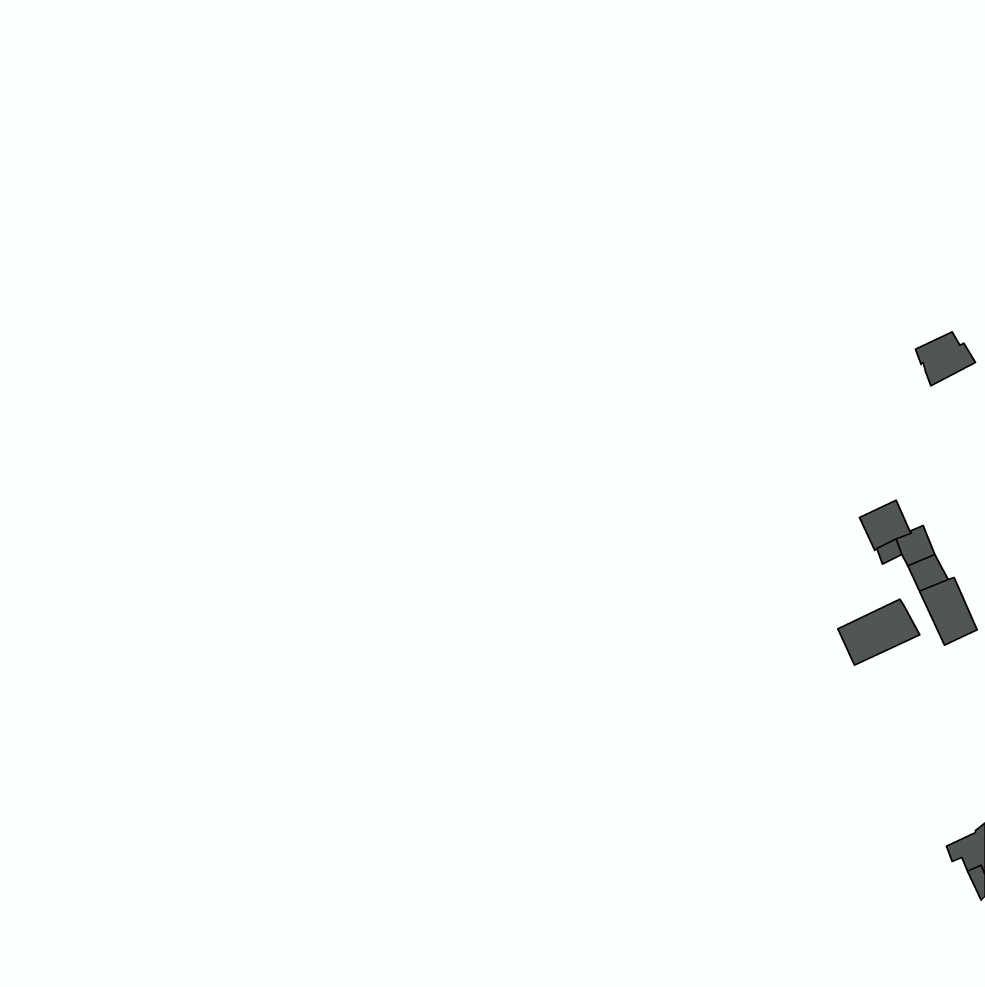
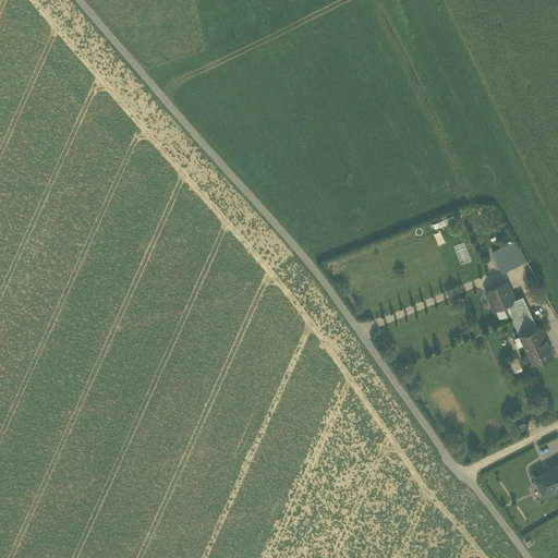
building: [915,332,975,386] -> [492,242,525,272]
building: [838,599,920,665] -> none

